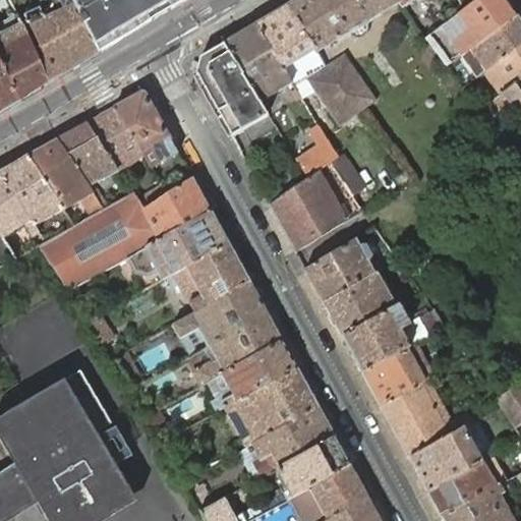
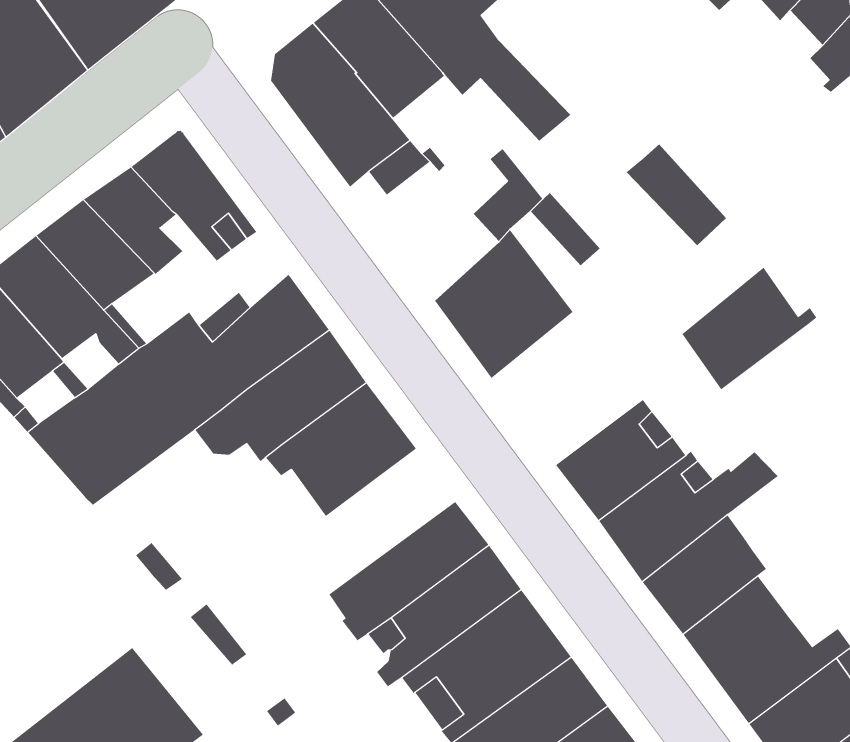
building: [325,53,377,112] -> [626,143,727,246]
building: [306,238,382,302] -> [682,267,817,390]
building: [173,283,267,346] -> none

